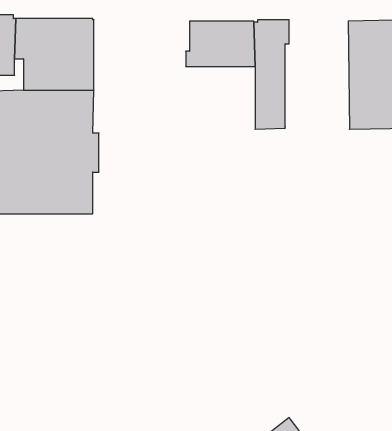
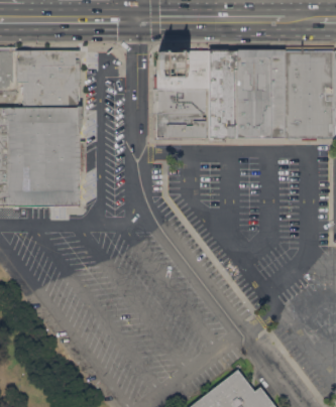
building: none -> [237,49,286,139]
building: none -> [153,89,207,141]

